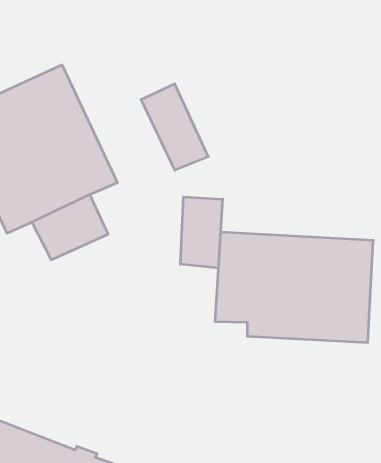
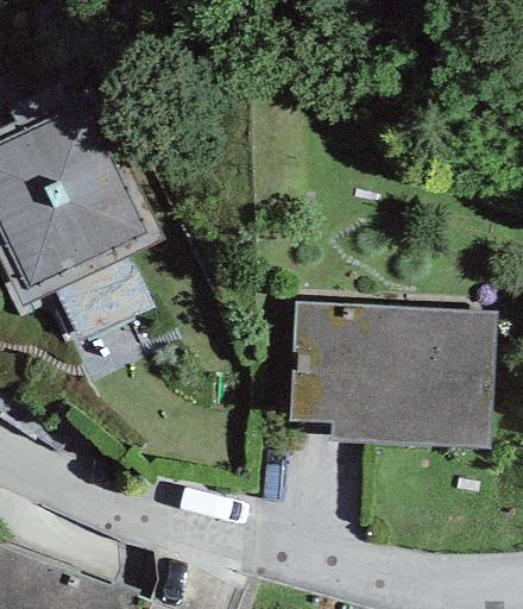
building: [141,84,208,170] -> none
building: [180,197,223,268] -> none

